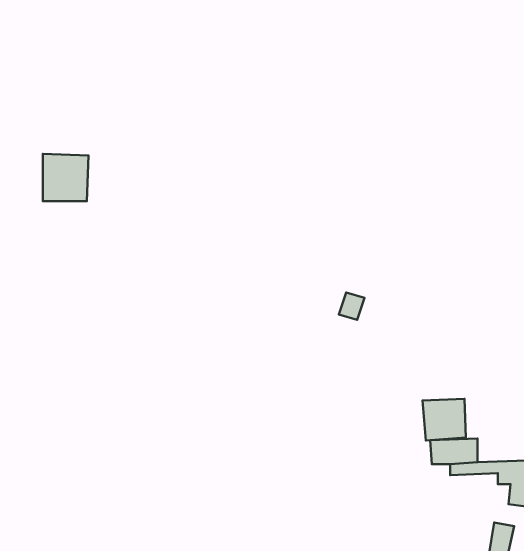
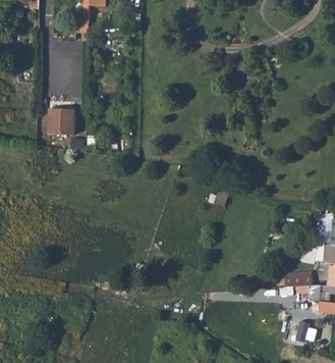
building: [423,399,466,441] -> none

